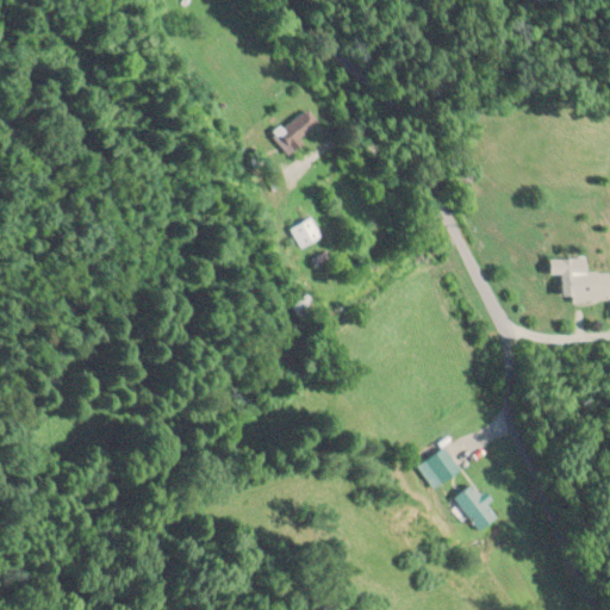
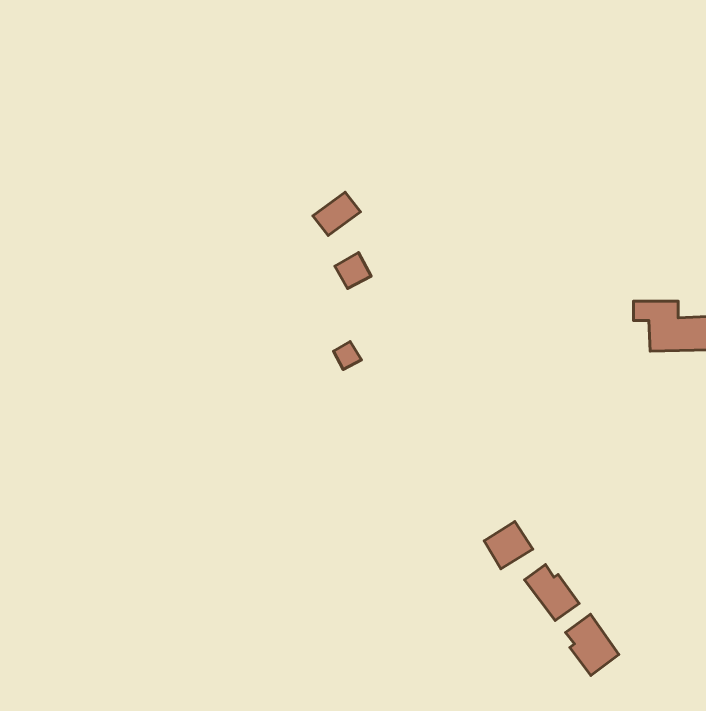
building: [278,112,318,149] -> [313,192,360,235]
building: none -> [565,614,619,675]

